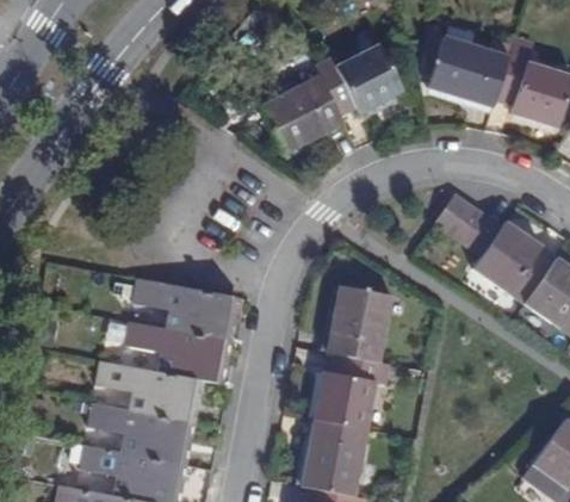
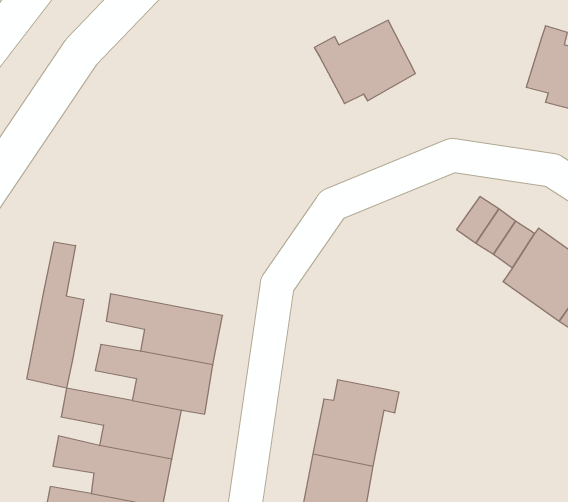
building: [434,36,512,106] -> none
building: [259,73,343,150] -> none
building: none -> [27,242,84,388]
building: [327,285,389,362] -> none

